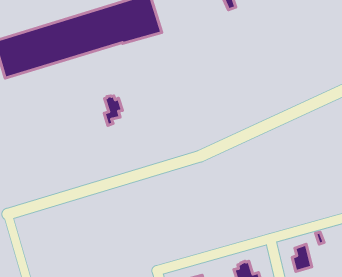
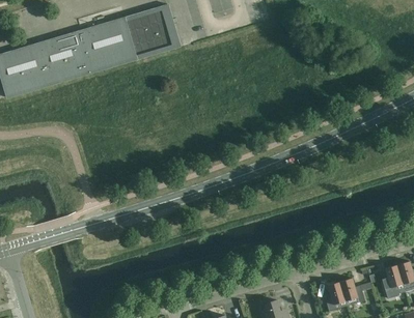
building: [104,96,122,125] -> none
building: none -> [339,278,364,306]

